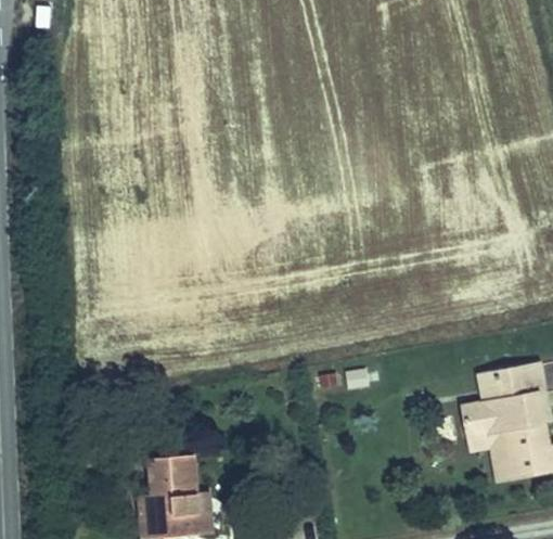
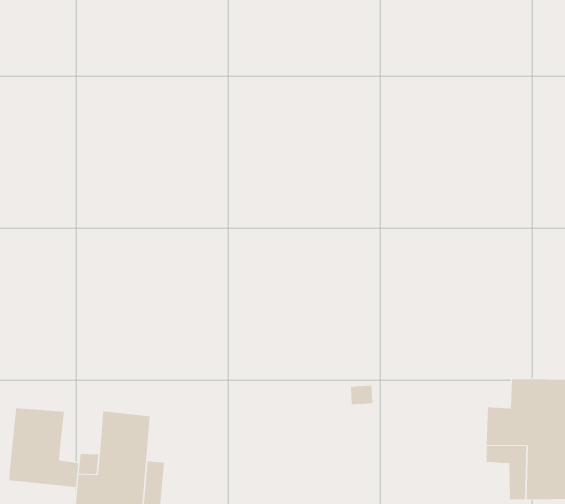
building: none -> [9,408,79,488]

